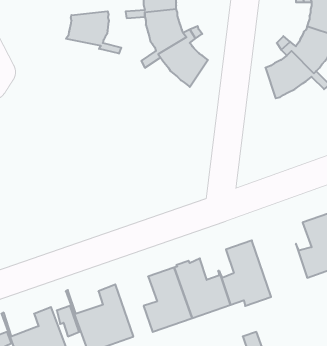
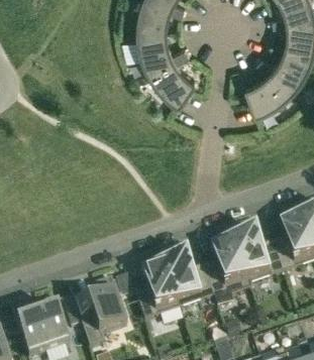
building: [66,11,121,54] -> none
building: none -> [233,231,283,289]

